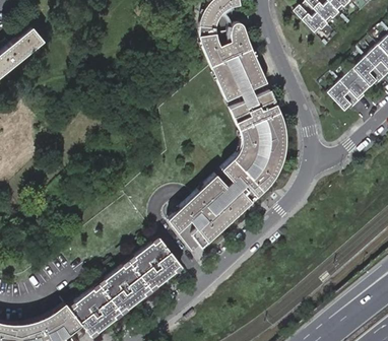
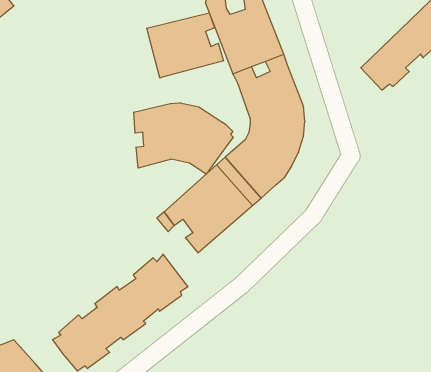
building: none -> [147,13,223,78]
building: none -> [134,103,233,174]
building: [44,299,84,333] -> none

